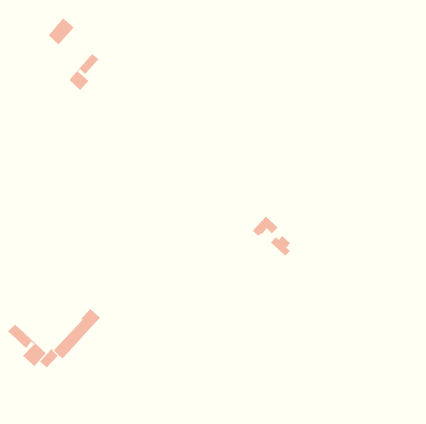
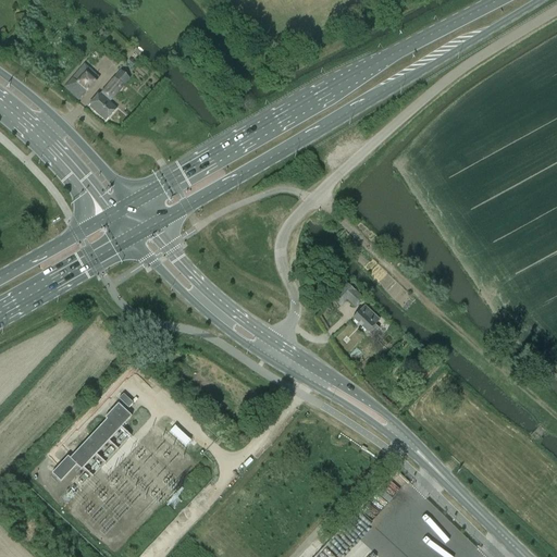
building: [48,18,74,45] -> [64,62,99,98]
building: [7,324,47,367] -> none

